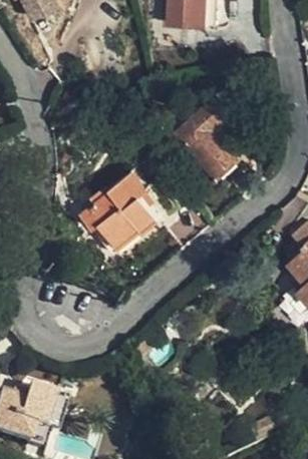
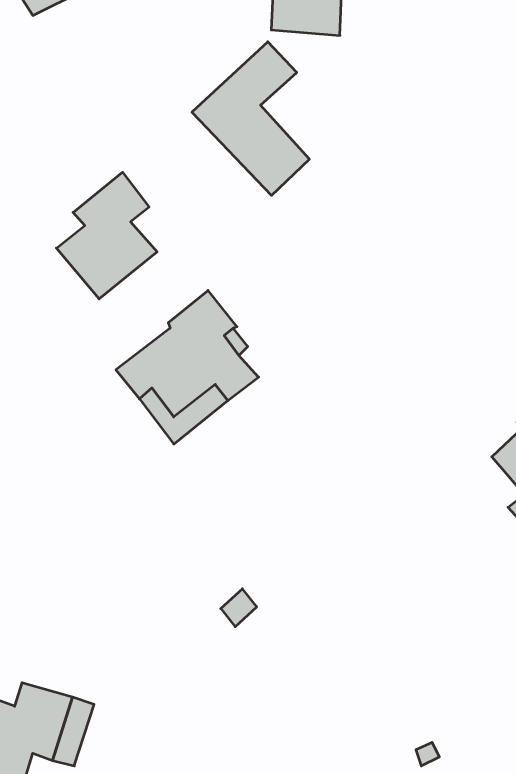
building: [176,91,241,176] -> [192,42,309,195]
building: none -> [56,172,157,299]

